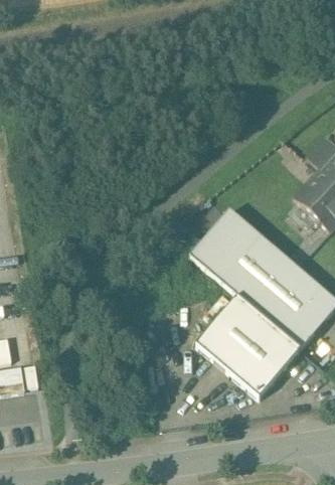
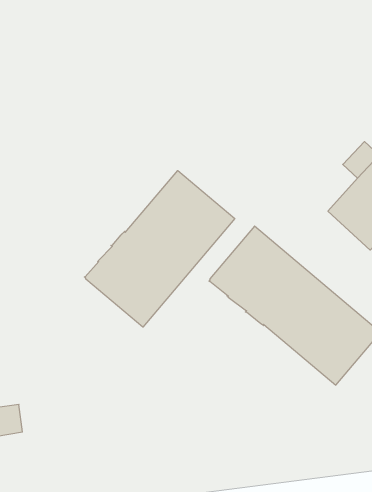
building: none -> [84,171,235,327]
building: [196,295,301,397] -> none

